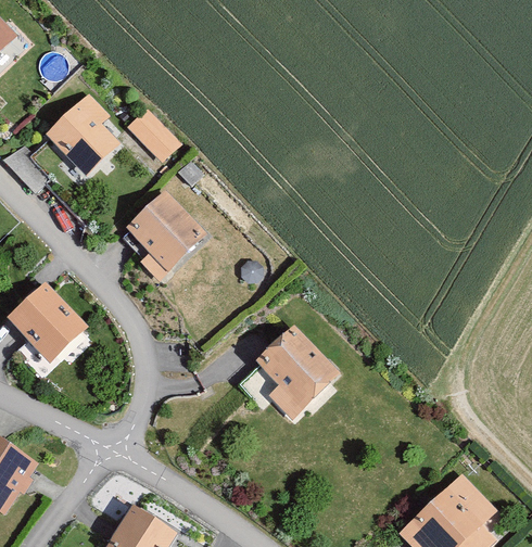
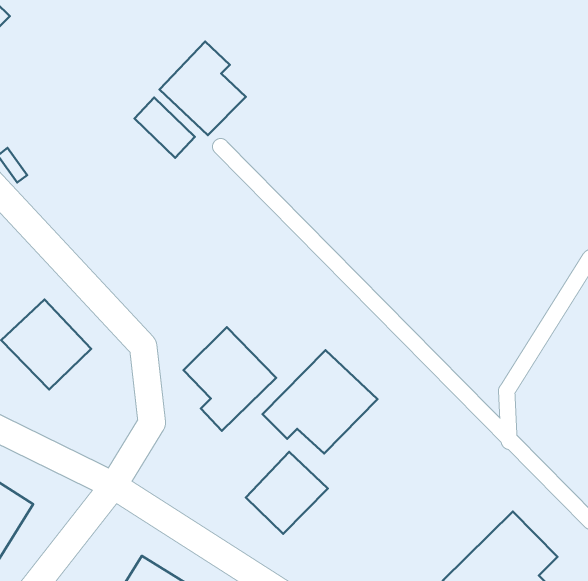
building: [46,93,122,176] -> [160,42,246,135]
building: [125,189,206,280] -> [184,327,276,431]
building: none -> [246,452,328,534]

